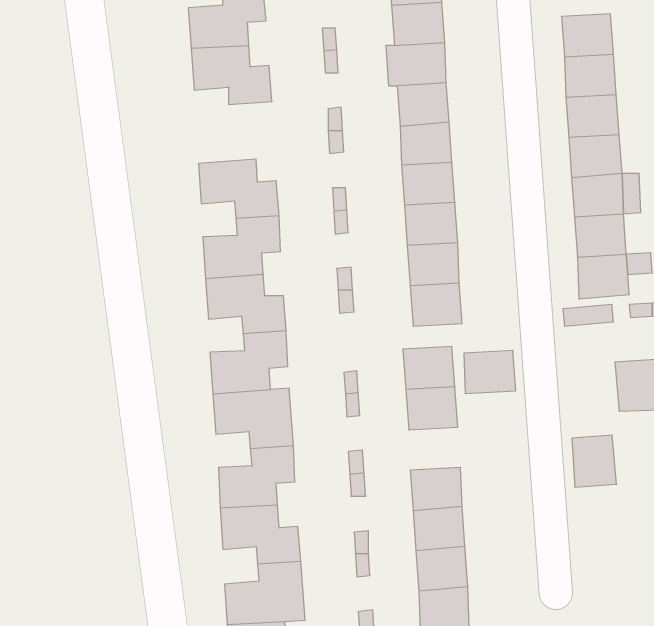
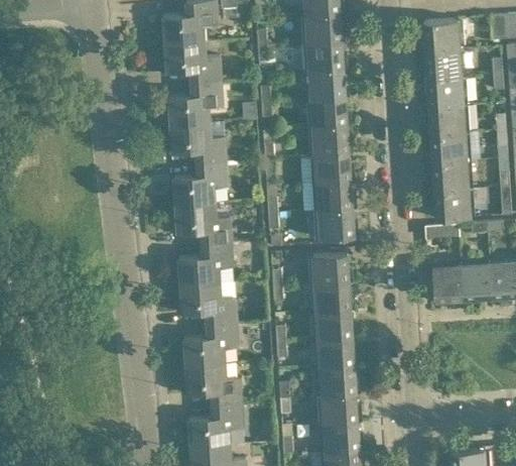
building: none -> [168,81,223,124]
building: [464,350,516,394] -> [317,309,354,339]
building: [572,435,617,487] -> [433,263,465,300]

